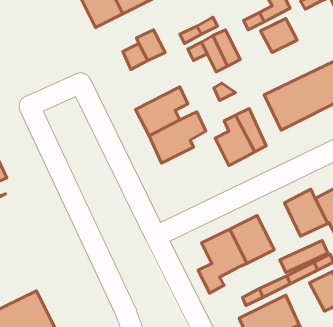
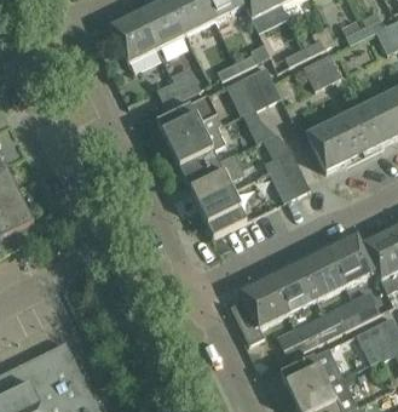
building: none -> [155,93,221,149]
building: none -> [197,189,246,235]
building: none -> [299,248,345,298]

